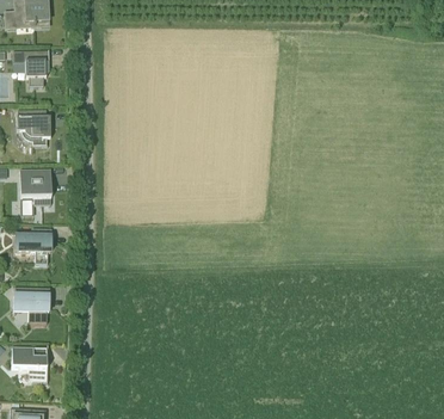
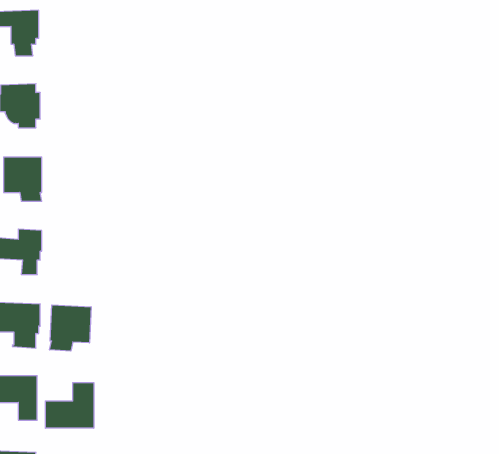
building: none -> [50,305,91,351]
building: none -> [45,383,94,428]

